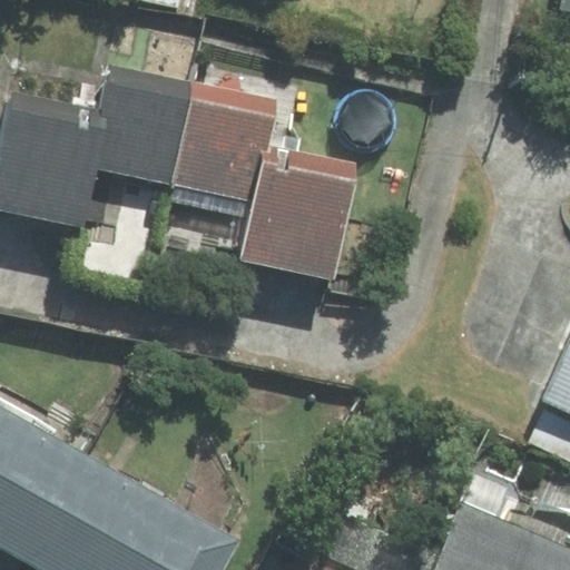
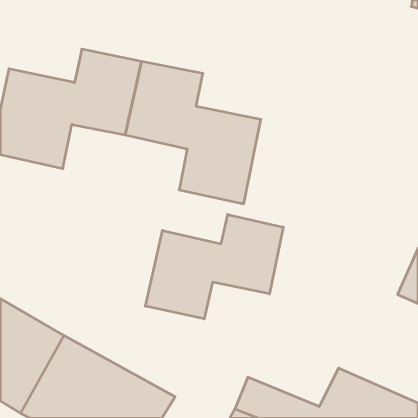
building: none -> [145,214,283,319]

